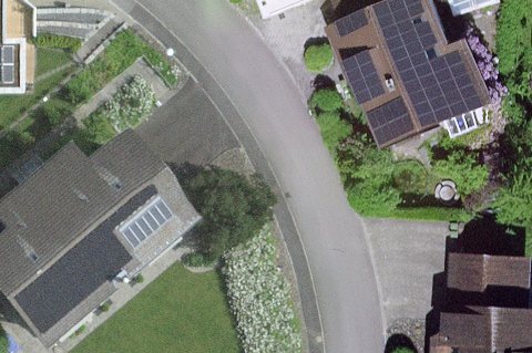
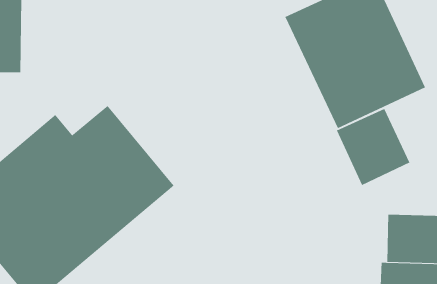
building: none -> [336,108,410,186]

